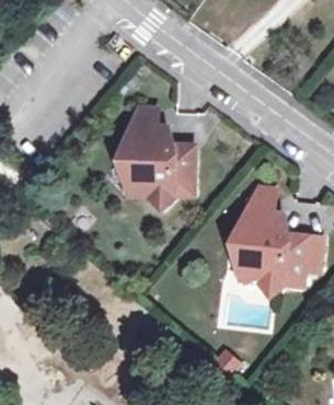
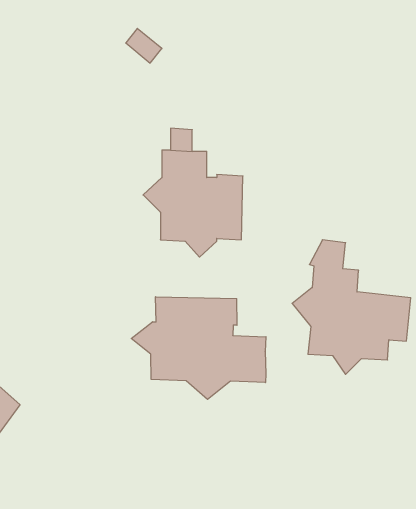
building: none -> [131,297,266,399]

